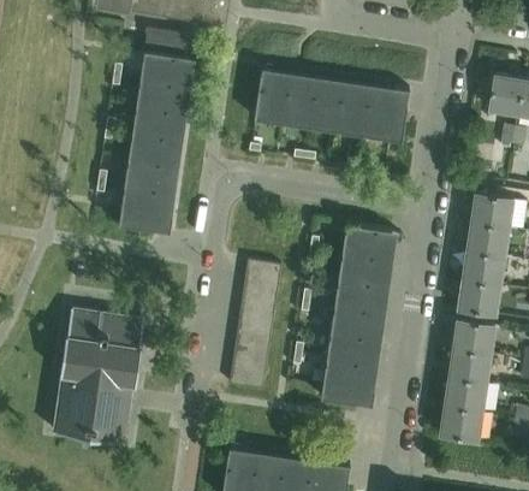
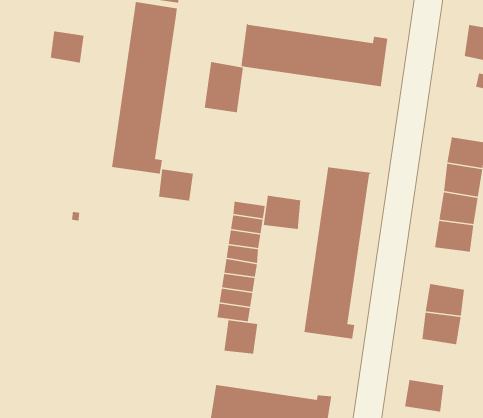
building: none -> [50,31,84,63]
building: none -> [204,61,244,113]
building: none -> [158,169,194,201]
building: none -> [263,195,301,230]
building: [54,308,144,442] -> none
building: [453,319,495,353] -> none
building: none -> [223,319,258,354]
building: [440,406,482,440] -> [404,379,444,412]

